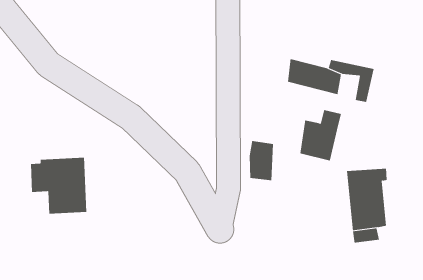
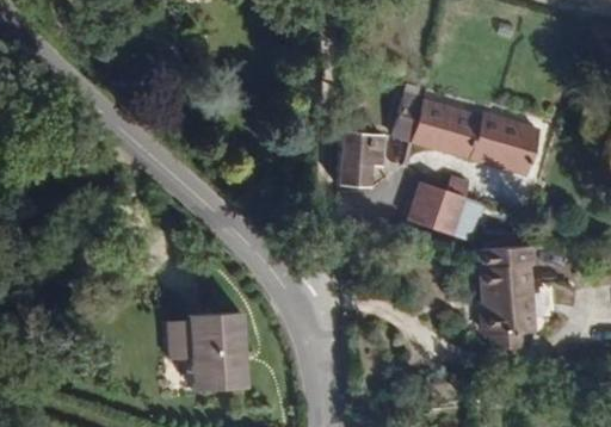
building: [249,140,274,181] -> [338,140,372,196]
building: [30,157,87,214] -> [166,317,245,396]

